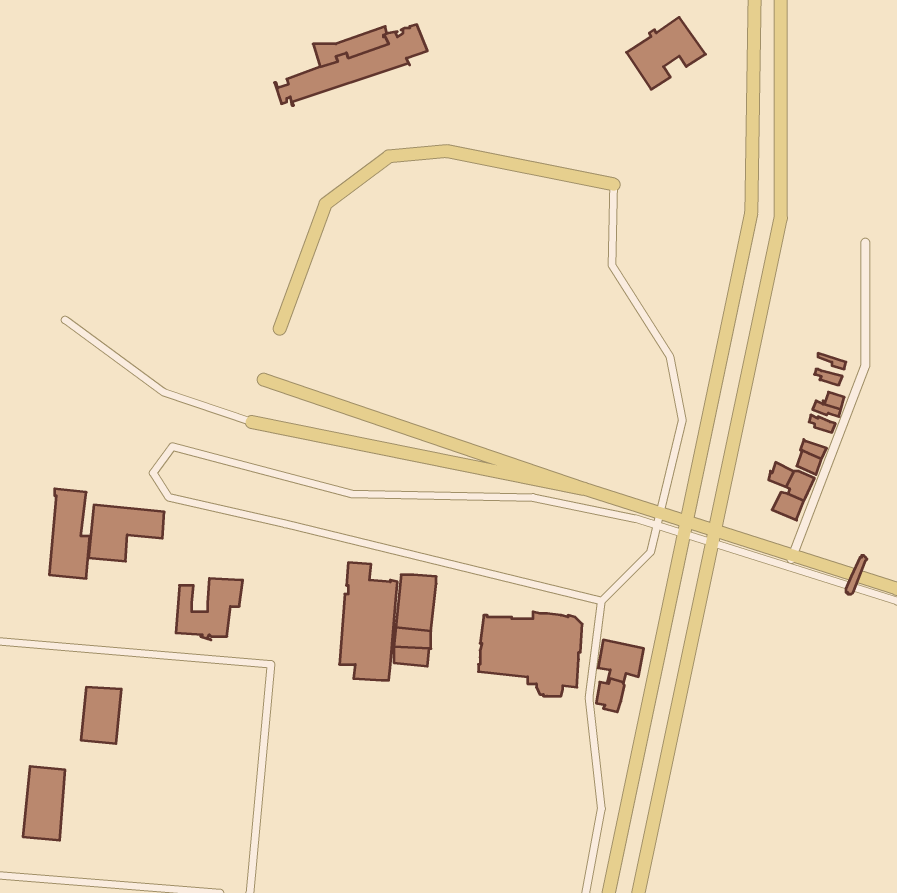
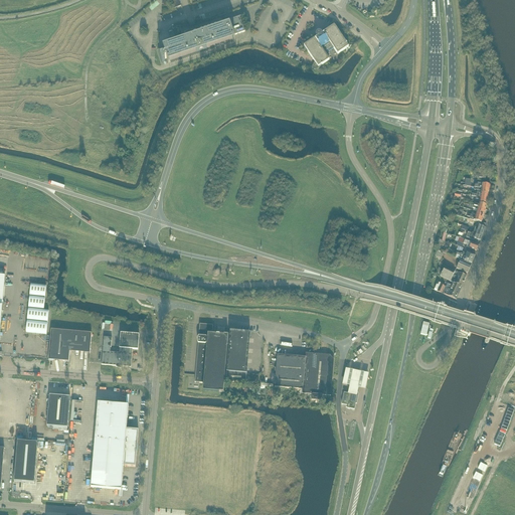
building: [626,17,706,89] -> [303,23,348,64]
building: [89,505,164,561] -> [47,327,91,359]
building: none -> [90,400,138,487]

